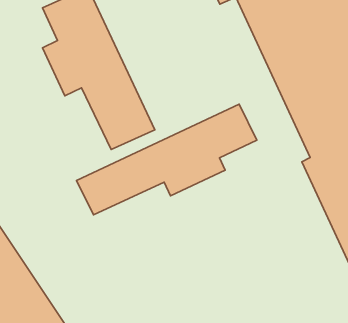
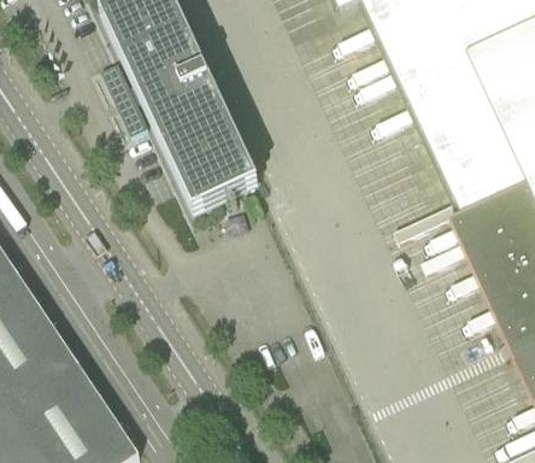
building: [76,104,257,215] -> none

